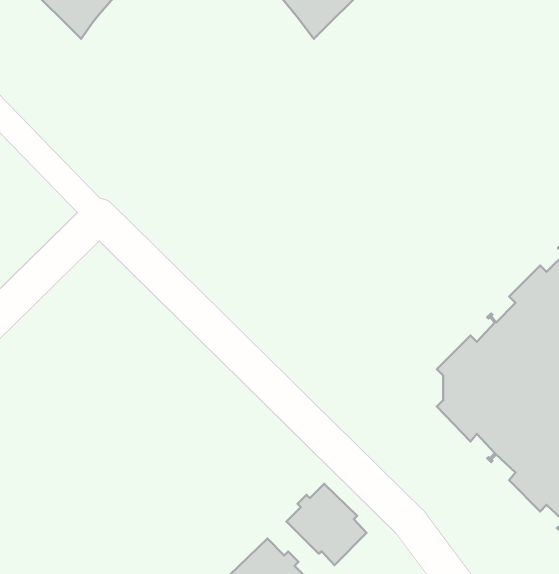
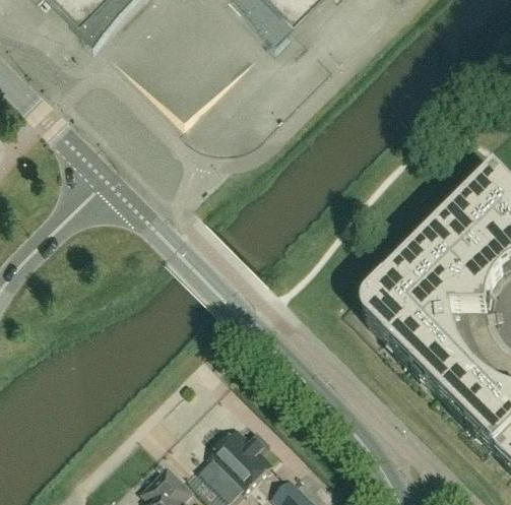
building: [287,484,367,565] -> none

